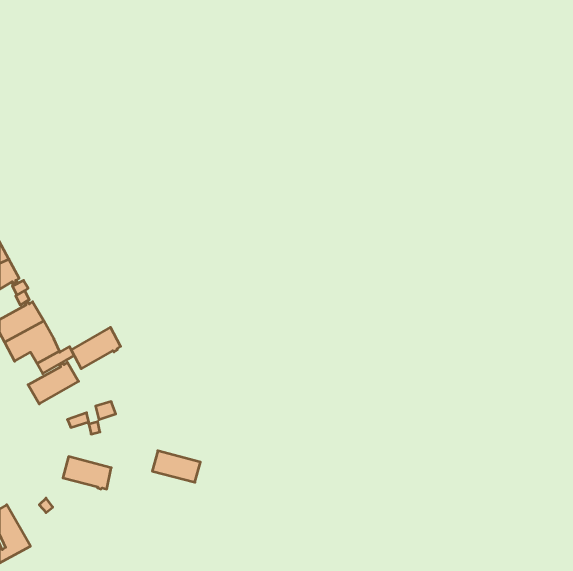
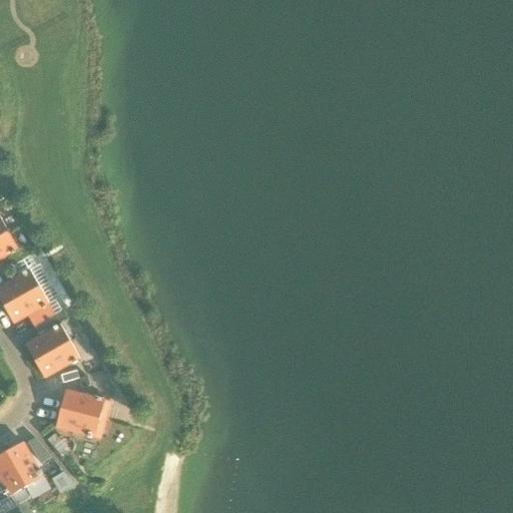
building: [71,327,121,369] -> [35,341,79,378]
building: [152,451,200,482] -> [61,390,104,418]
building: none -> [6,442,50,499]

